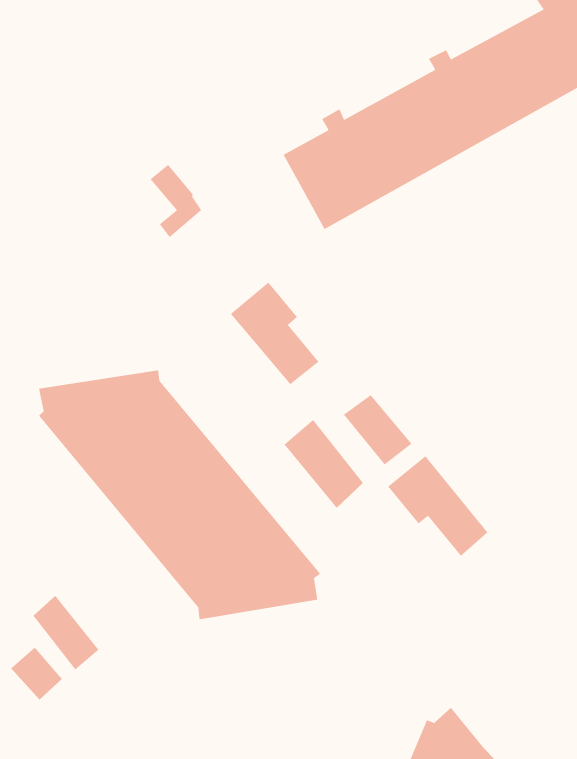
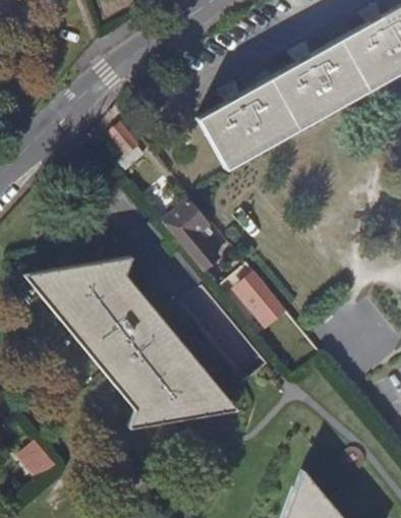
building: [284,419,364,509] -> none
building: [387,455,488,557] -> none
building: [33,595,99,671] -> none

